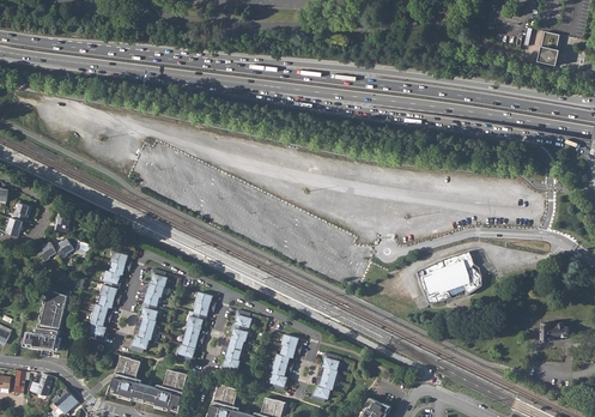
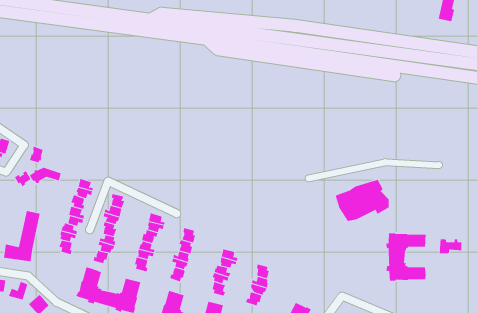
building: none -> [385,233,426,282]

